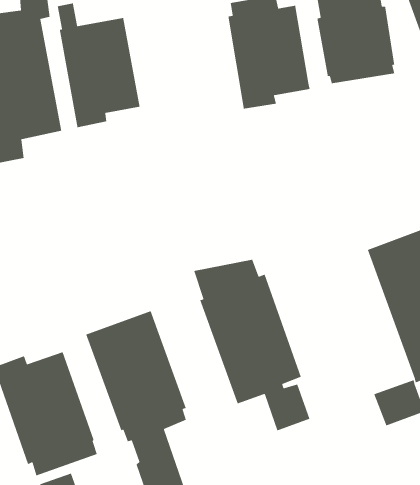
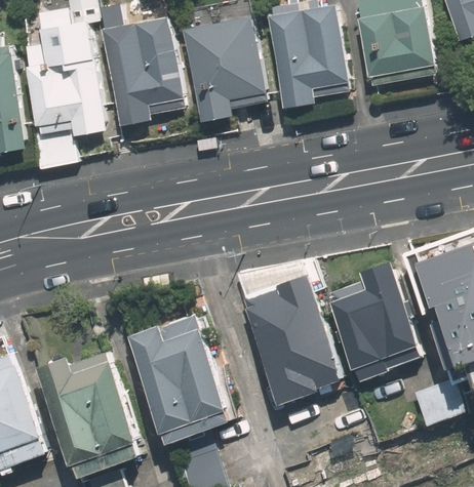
building: none -> [184,22,267,126]
building: none -> [327,259,422,378]

